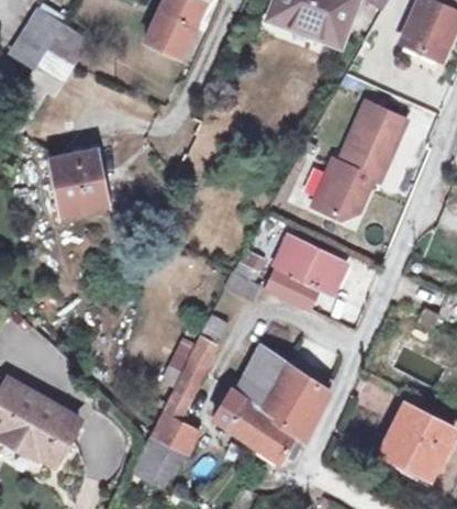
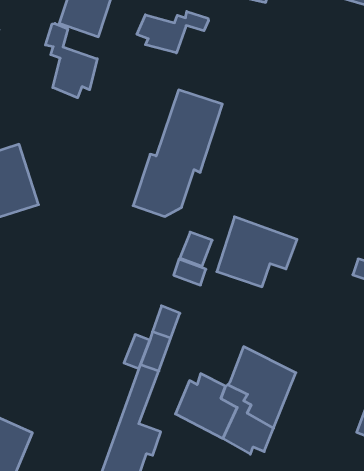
building: none -> [45,23,97,98]
building: none -> [137,11,209,53]
building: [312,102,405,219] -> [133,90,222,216]
building: [244,347,283,394] -> none

